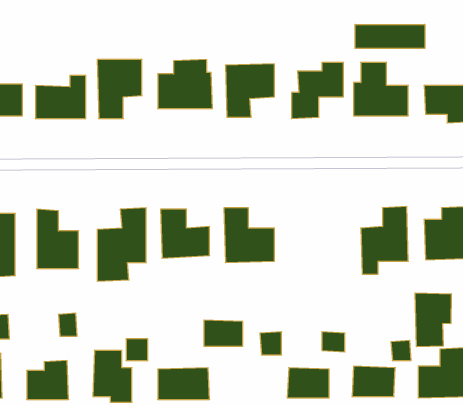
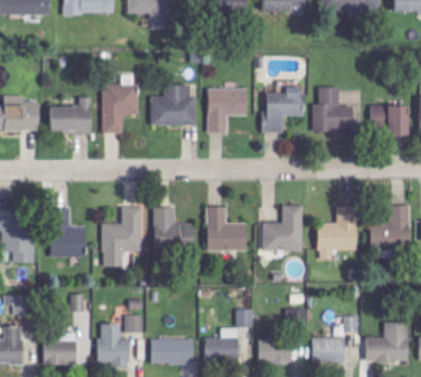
building: [355,24,425,48] -> none
building: none -> [262,205,304,250]
building: [415,293,451,347] -> none
building: [204,320,243,346] -> [204,337,236,358]

